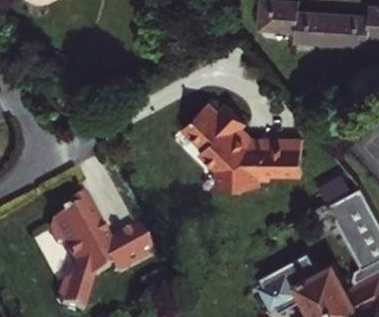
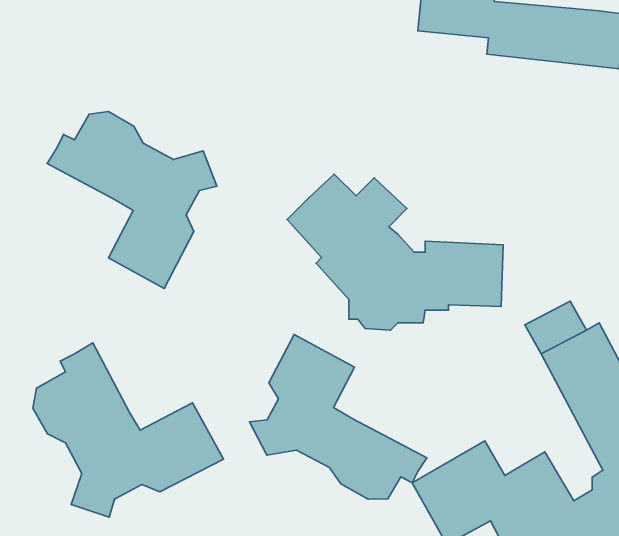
building: none -> [47,112,217,288]
building: none -> [249,334,427,499]

